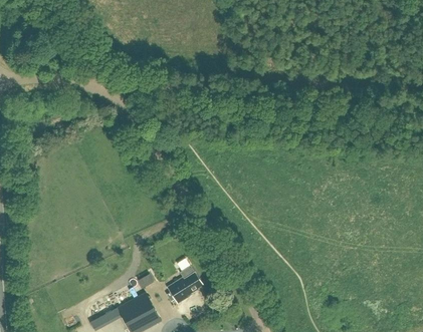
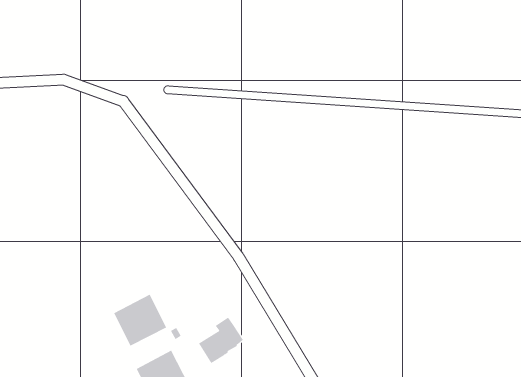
building: none -> [113,294,167,347]

